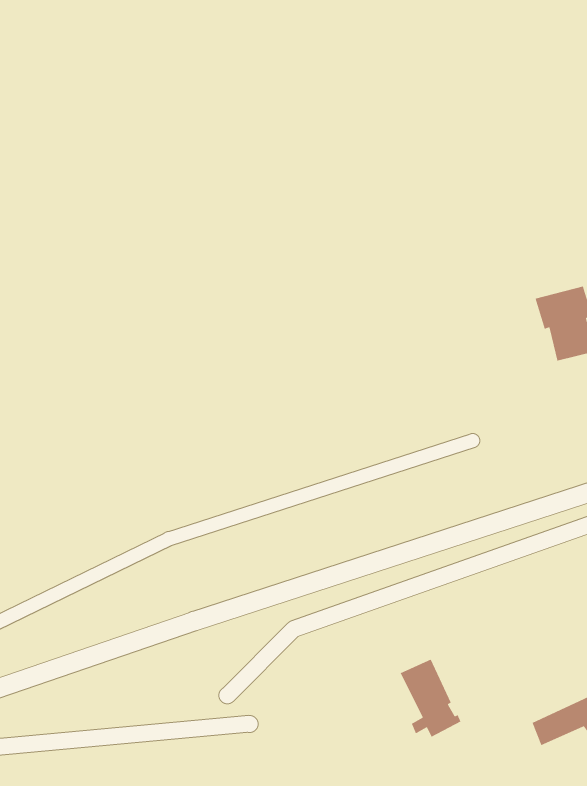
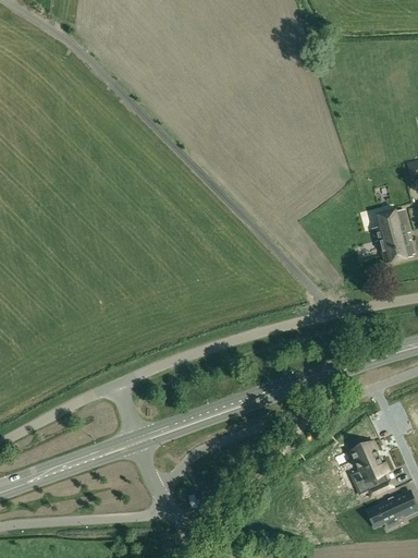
building: [400,659,461,738] -> [351,440,393,495]

